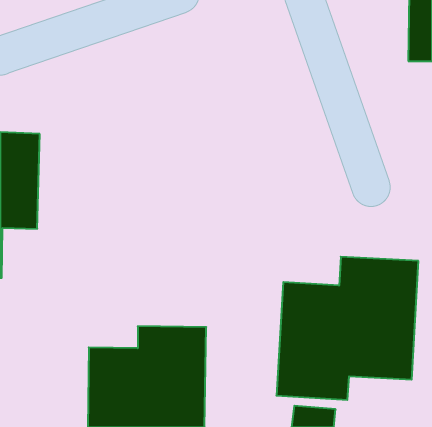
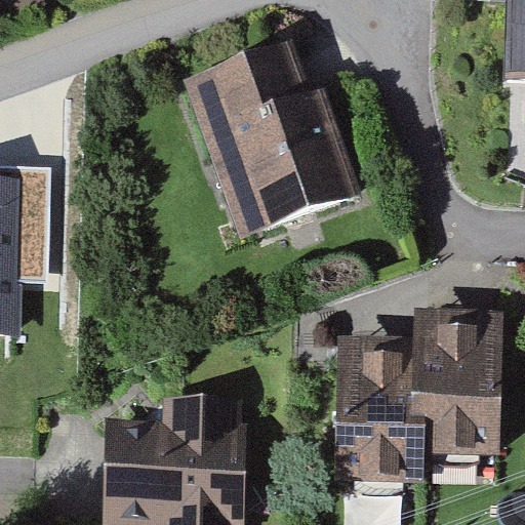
building: none -> [184,43,361,238]

